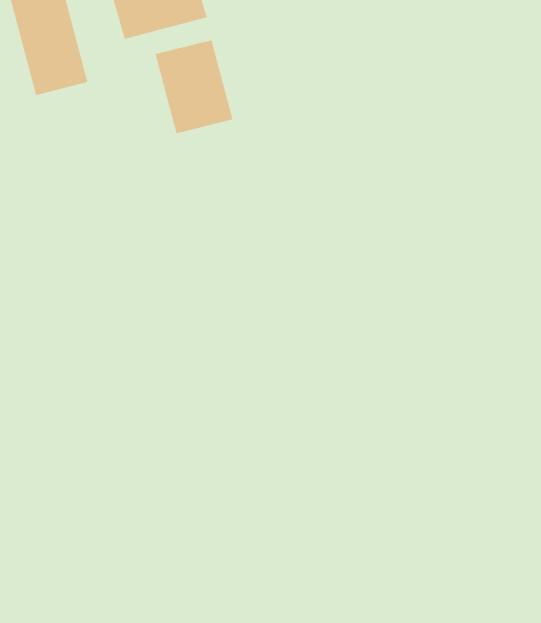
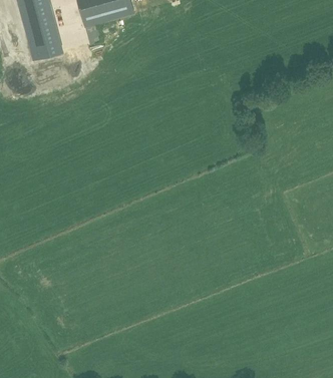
building: [155,39,233,134] -> none

